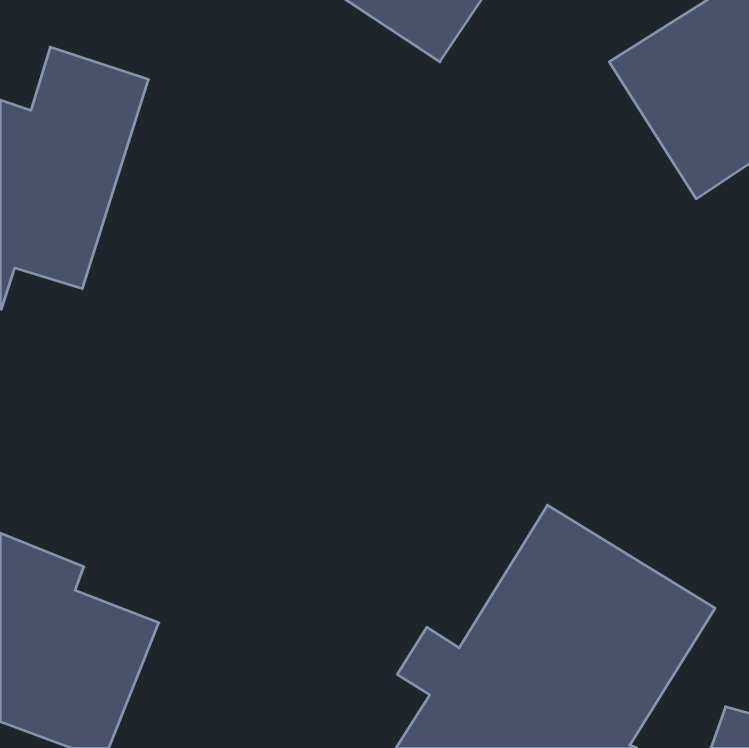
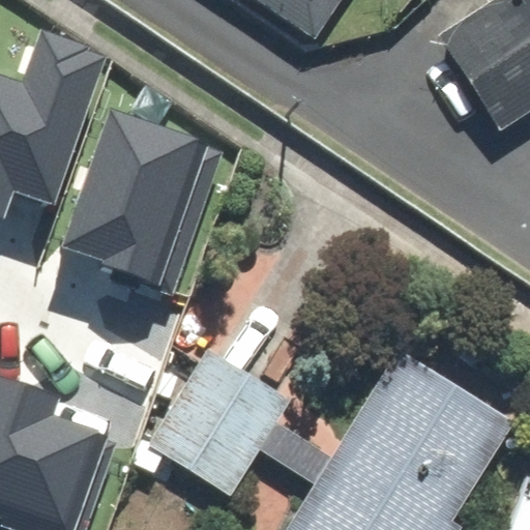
building: none -> [68,110,219,281]
building: none -> [141,352,290,506]

